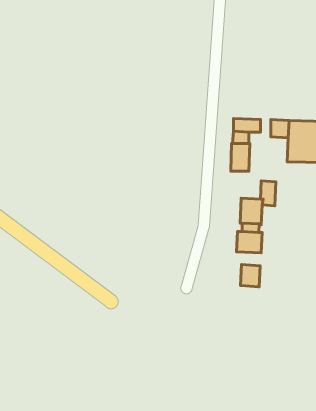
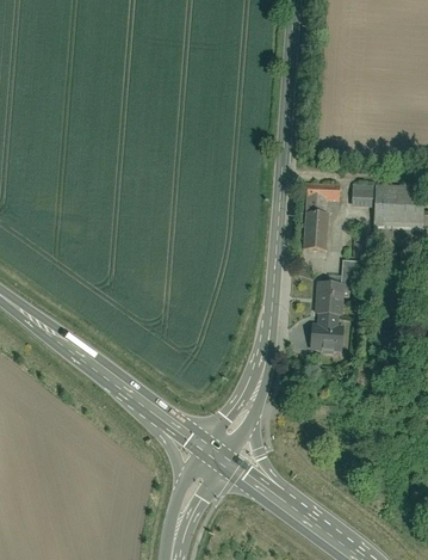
building: [241,264,260,287] -> none

